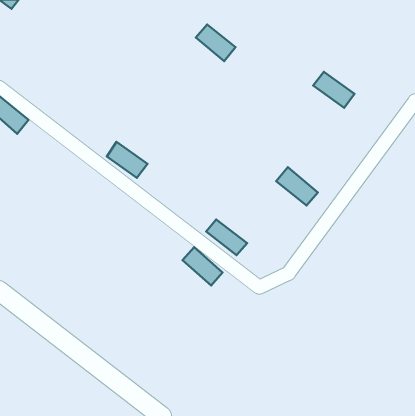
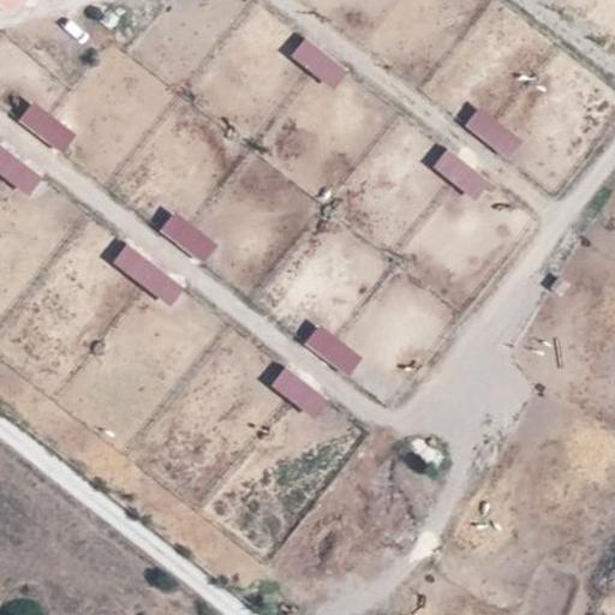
building: none -> [16,101,77,151]
building: none -> [111,240,184,310]
building: [276,167,318,206] -> [430,147,491,203]

